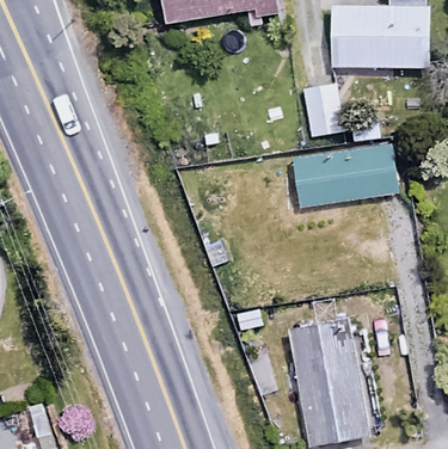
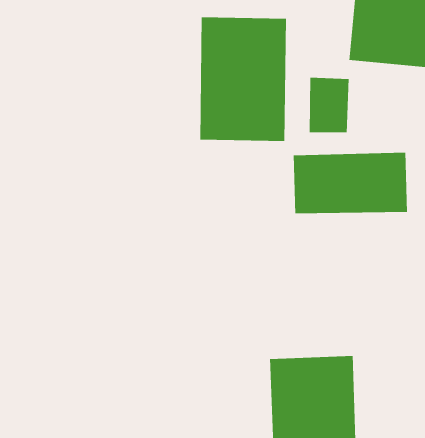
building: none -> [199,17,287,142]

